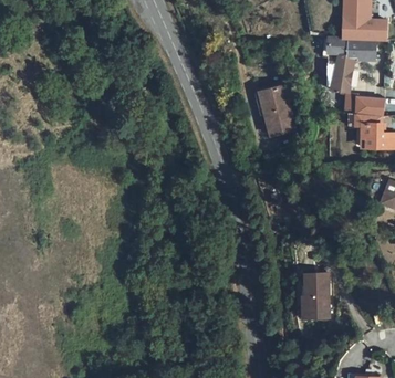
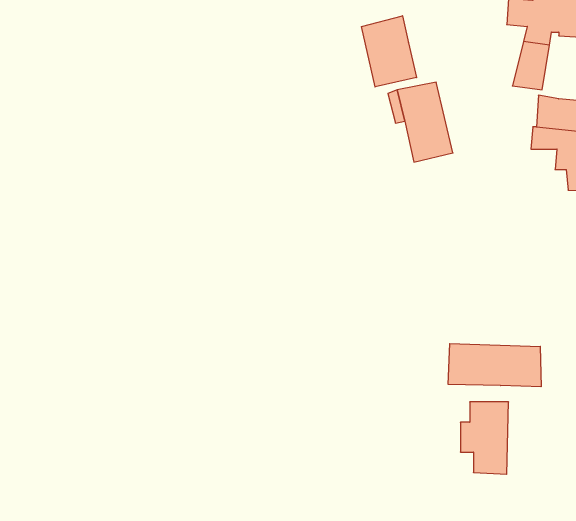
building: none -> [362,16,417,87]
building: none -> [448,344,541,387]

